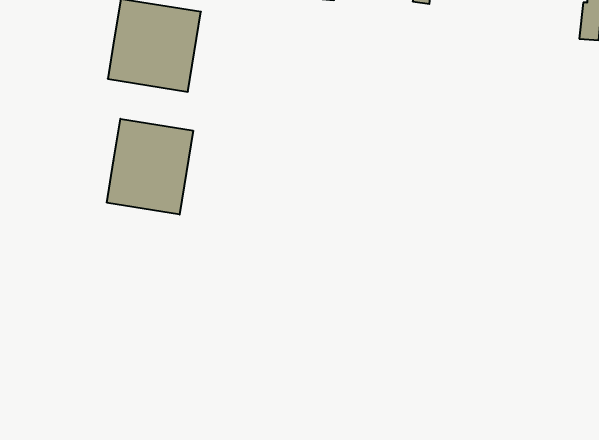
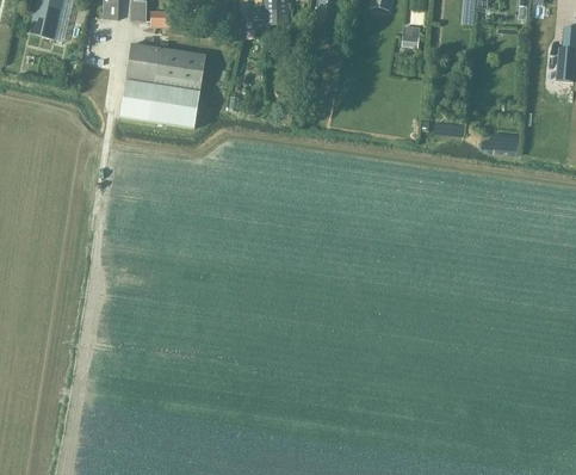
building: [107,119,193,215] -> none

